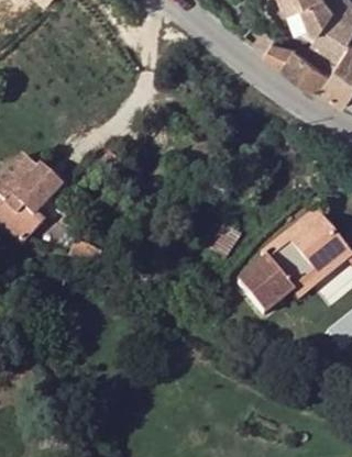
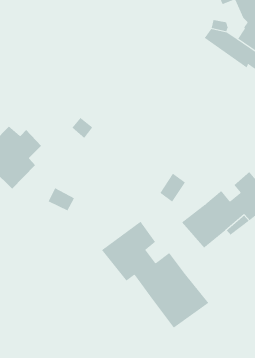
building: [258,211,319,261] -> none
building: none -> [101,221,209,329]

